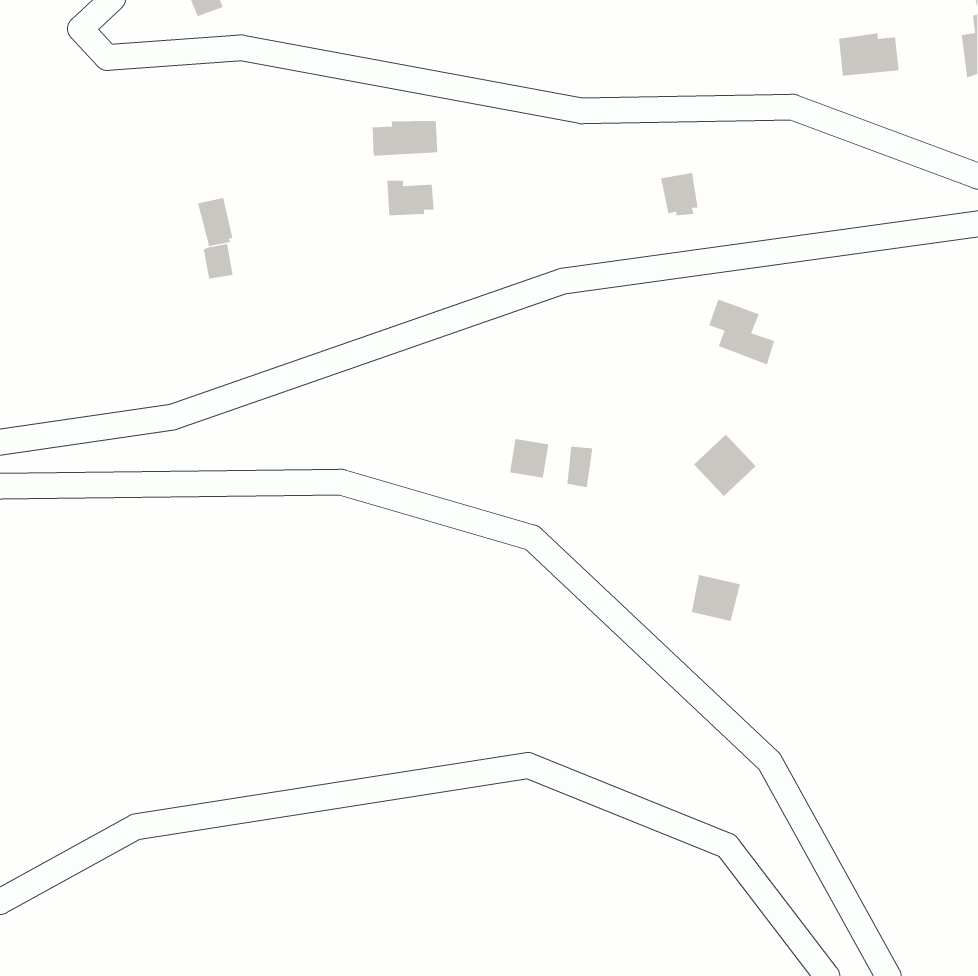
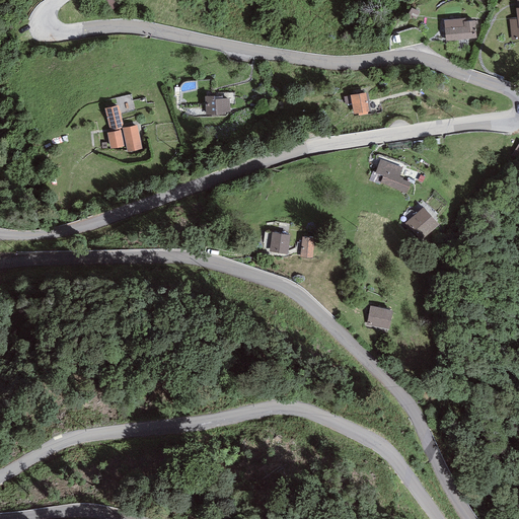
building: [372,120,438,156] -> none
building: none -> [122,124,142,151]
building: [693,434,756,497] -> [405,206,439,239]

